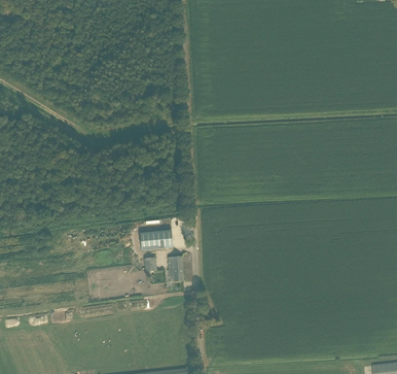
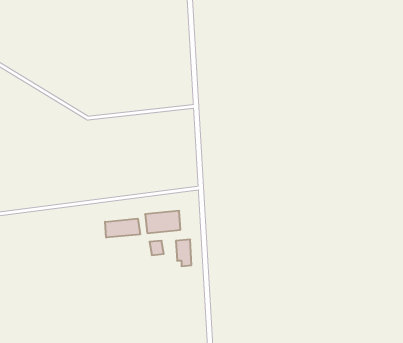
building: none -> [105,219,140,238]

